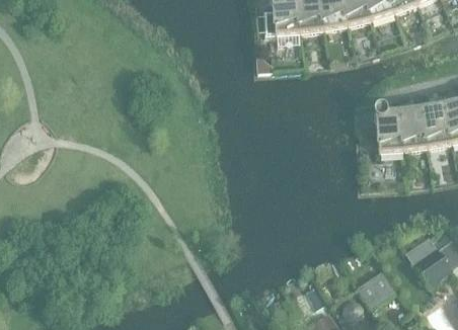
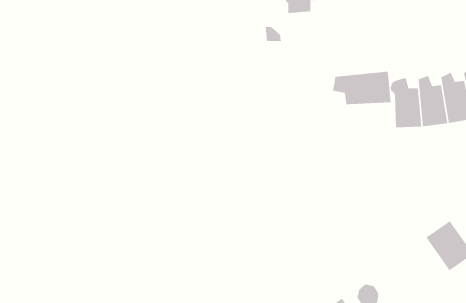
building: none -> [332,71,391,106]
building: [357,271,392,306] -> none

